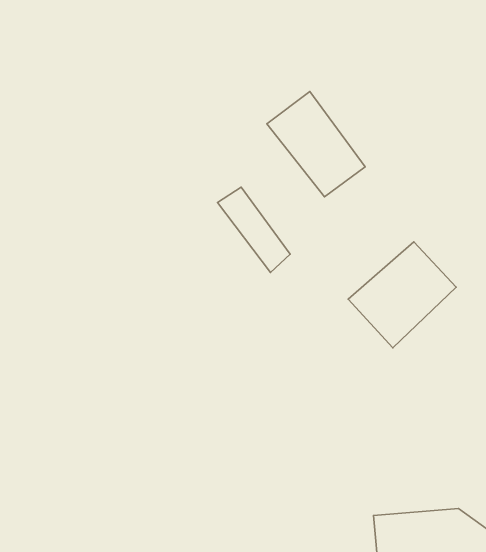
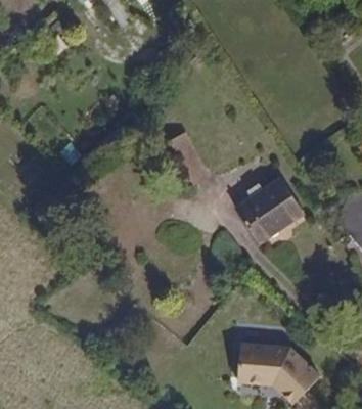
building: [267,92,365,197] -> none

